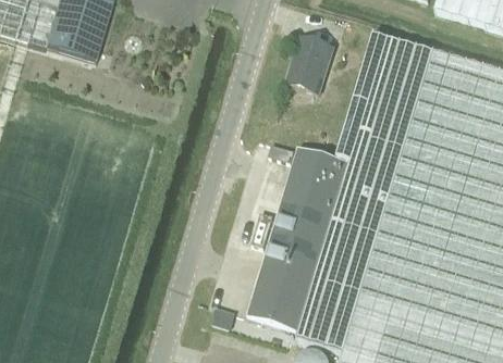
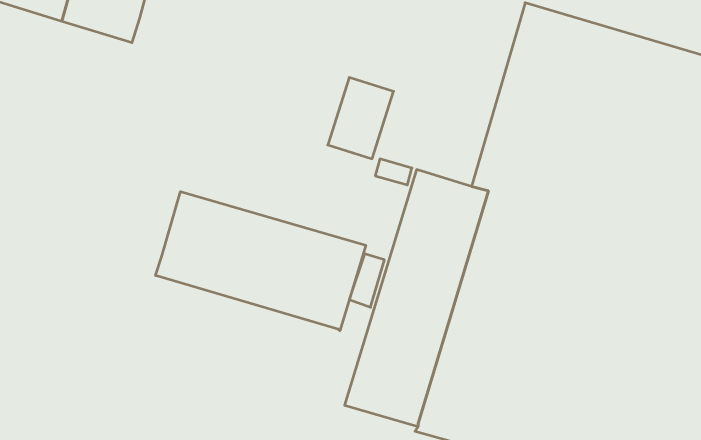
building: [285,39,332,97] -> [328,78,394,159]
building: none -> [156,192,366,331]

